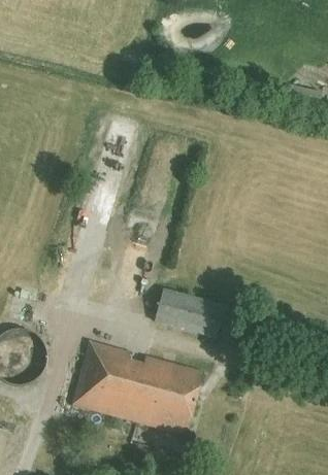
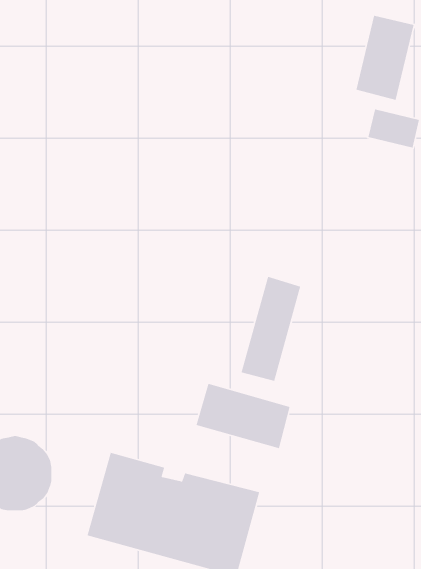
building: none -> [355,15,415,101]
building: none -> [241,276,301,382]

